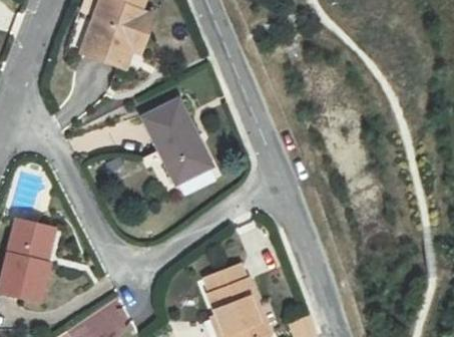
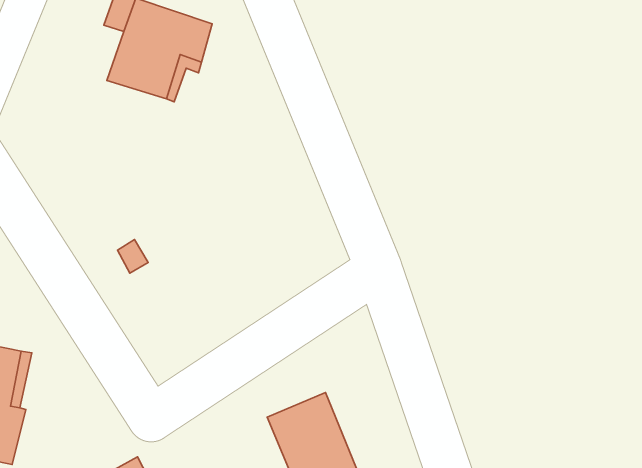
building: [144,97,213,181] -> none

